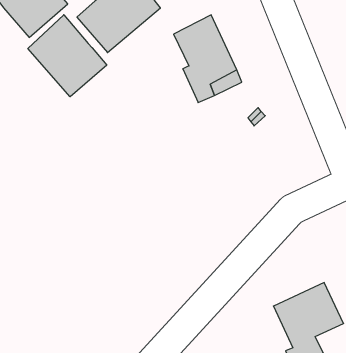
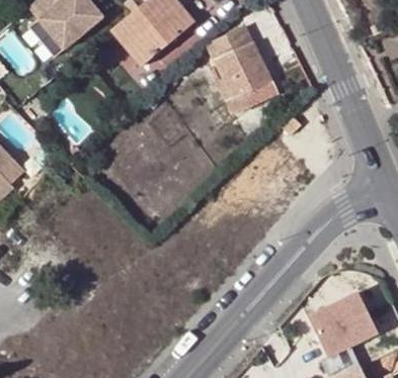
building: [28,15,107,97] -> none

